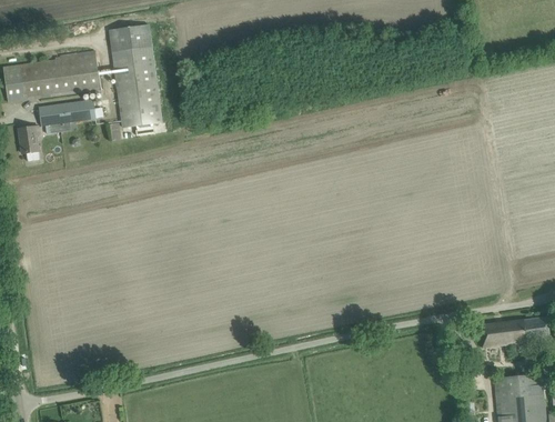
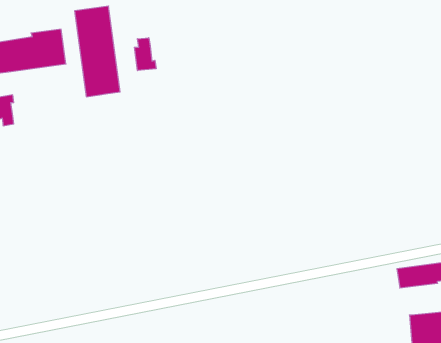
building: none -> [134,38,156,71]
building: [38,99,95,125] -> none

